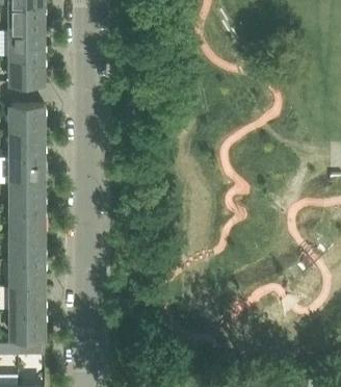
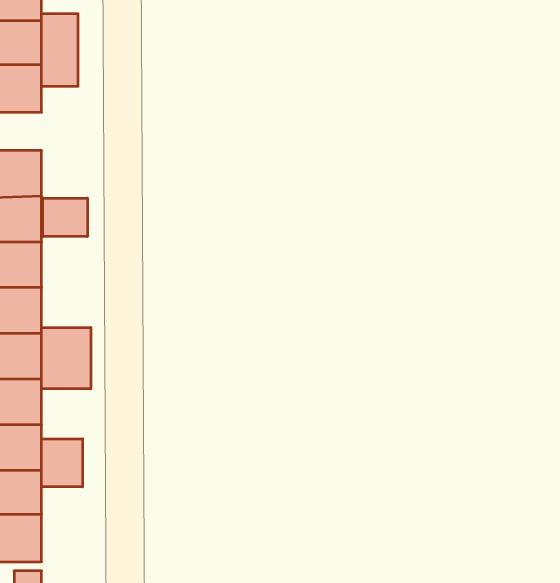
building: none -> [42,14,78,86]
building: none -> [43,198,87,237]
building: none -> [42,327,91,389]
building: none -> [42,439,83,487]

